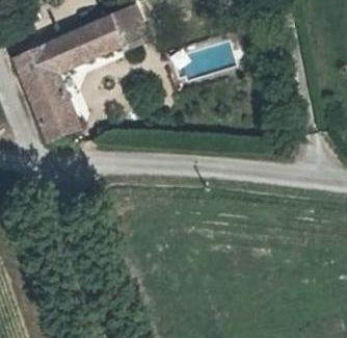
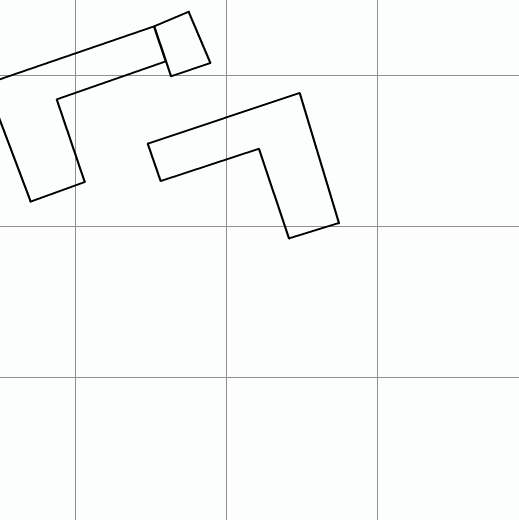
building: none -> [148,93,339,239]

